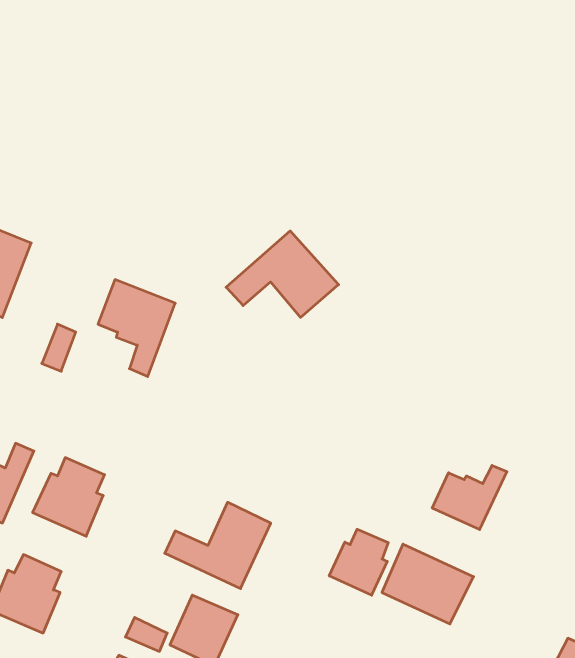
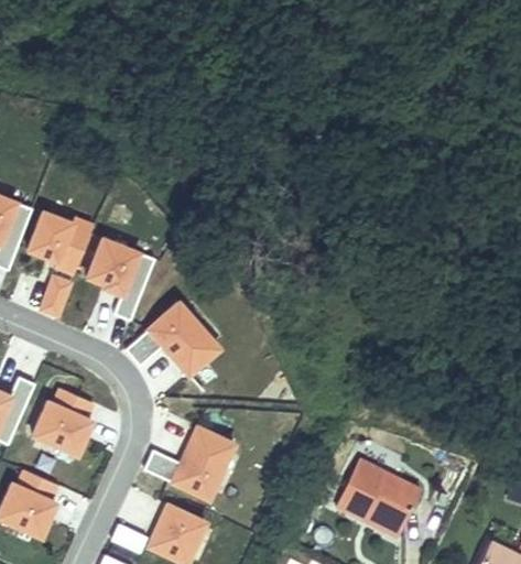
building: [226,231,339,317] -> [126,303,220,376]
building: none -> [29,210,93,272]
building: [432,465,507,530] -> none
building: [329,529,388,595] -> none

